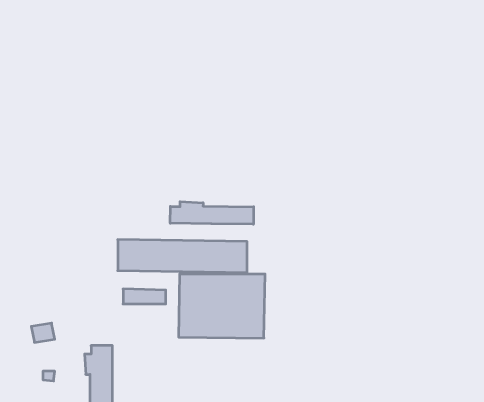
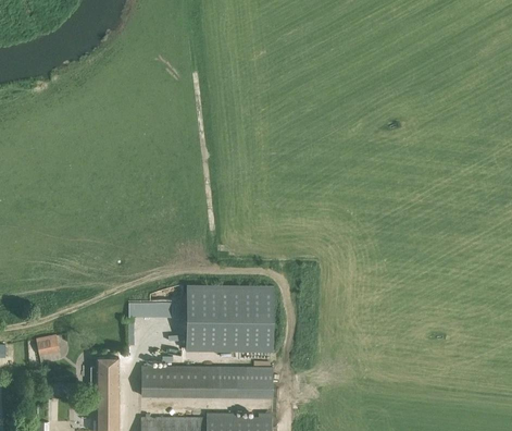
building: [170,202,254,224] -> none
building: [118,240,247,273] -> [141,365,273,398]

